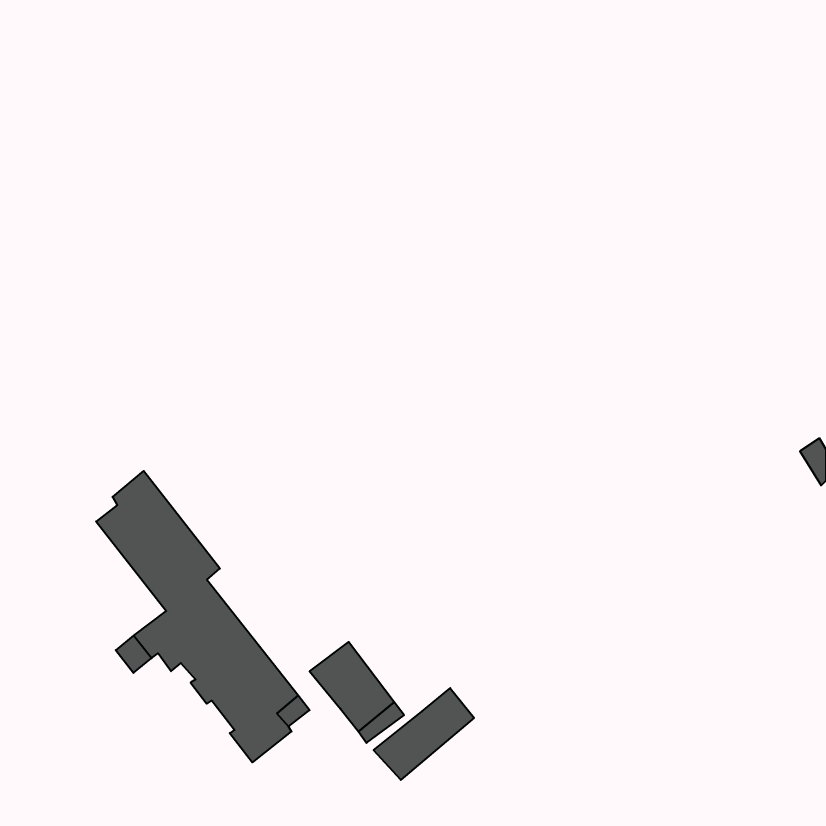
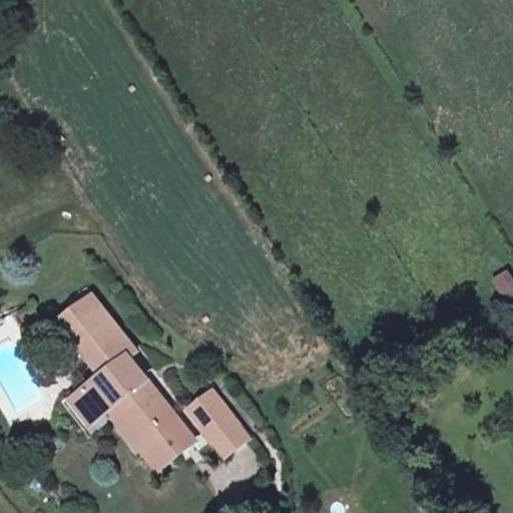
building: [374,688,474,780] -> none

